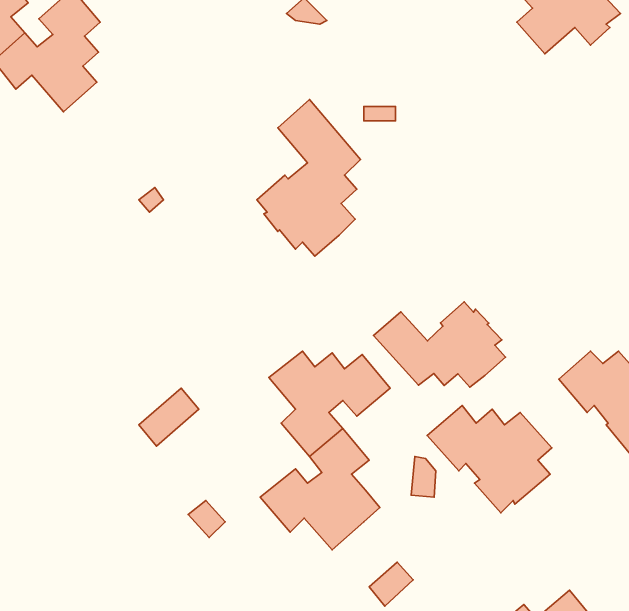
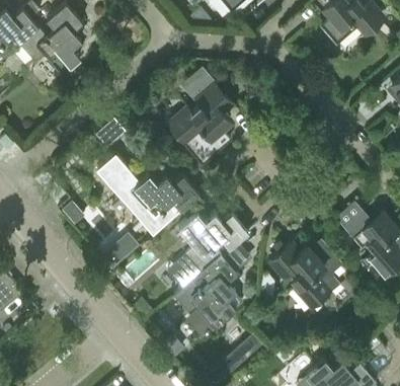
building: none -> [95,155,198,237]
building: [374,302,505,387] -> none

